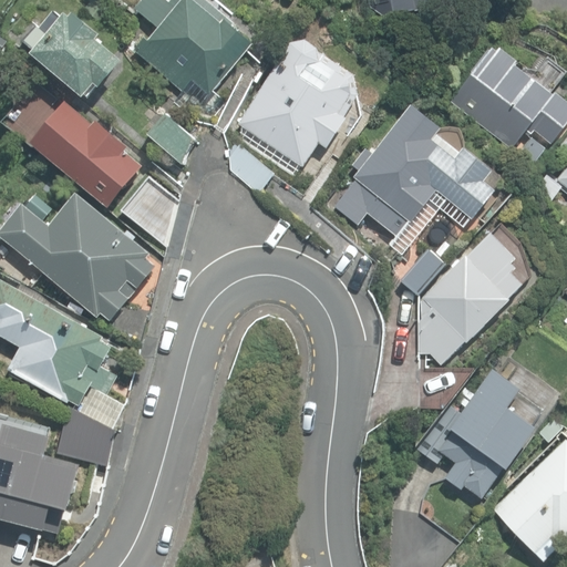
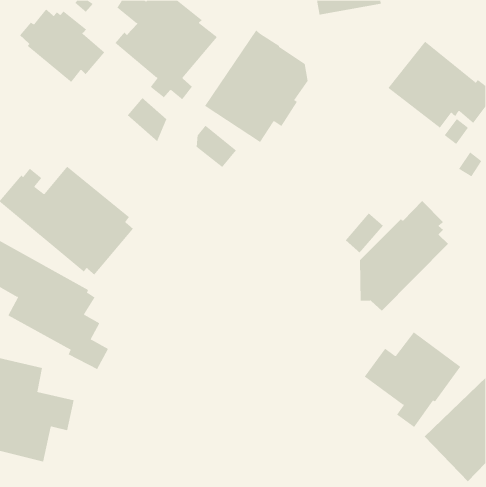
building: [30,101,143,208] -> none
building: [333,104,502,237] -> none
building: [56,405,113,464] -> none

